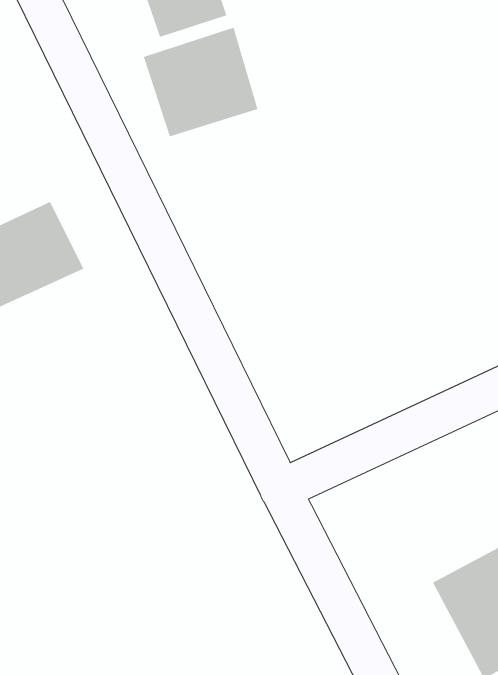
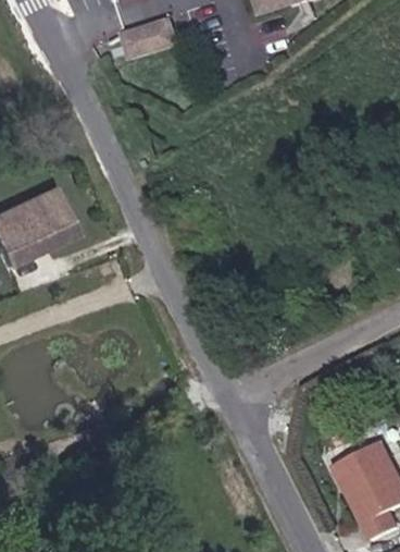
building: [143,27,258,137] -> none

